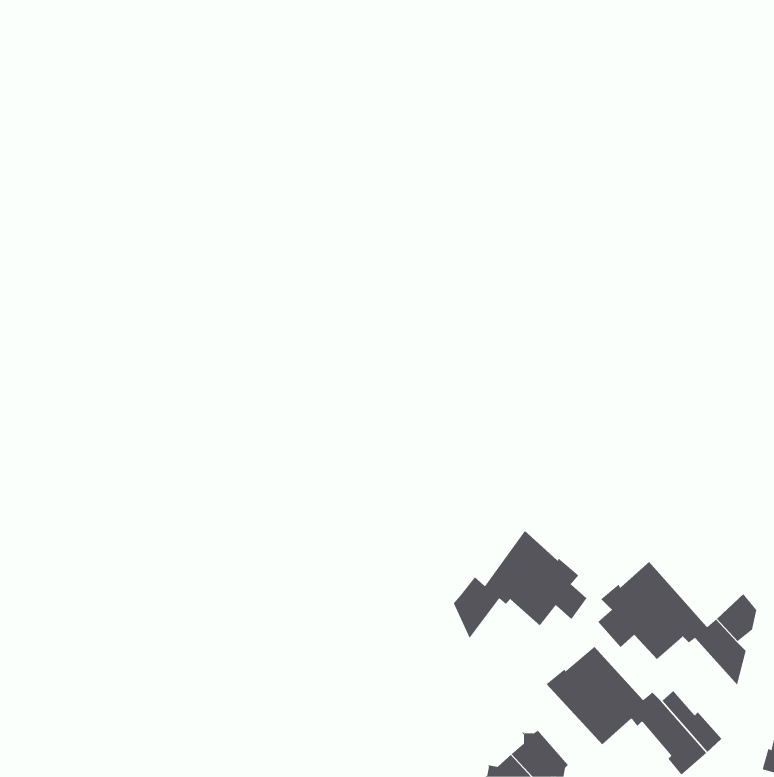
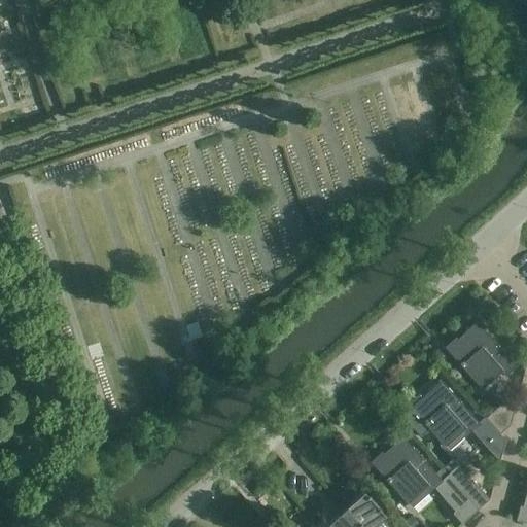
building: none -> [446,322,518,390]
building: [453,530,587,639] -> none

